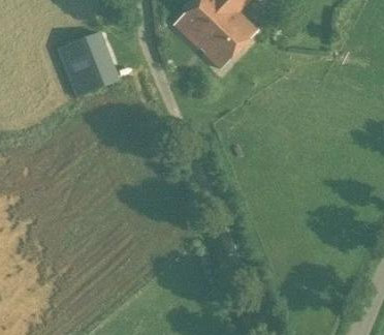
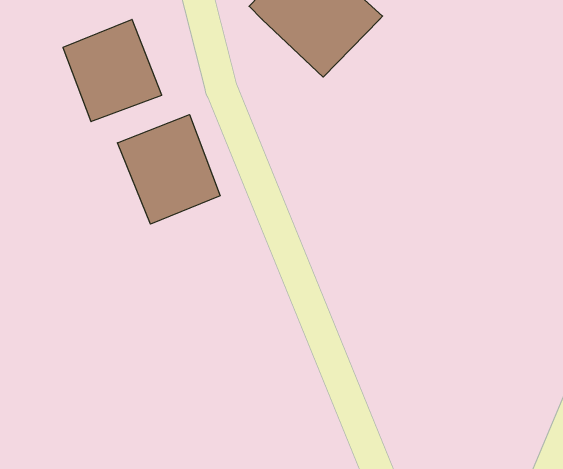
building: none -> [117,115,220,224]

